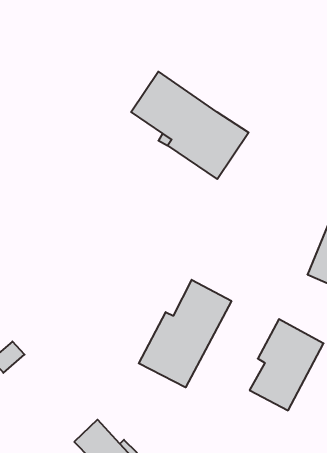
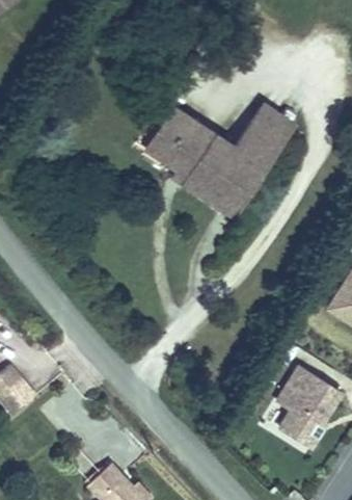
building: none -> [235,105,296,169]
building: [139,280,231,387] -> none

